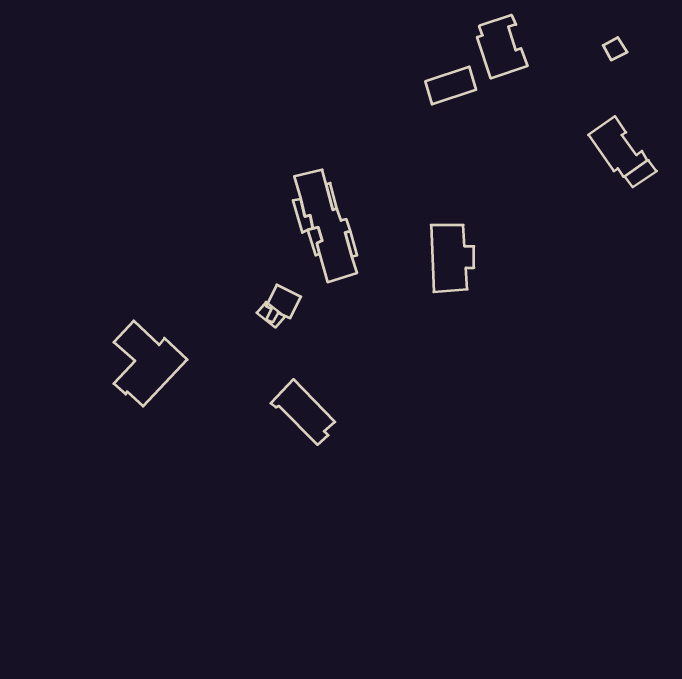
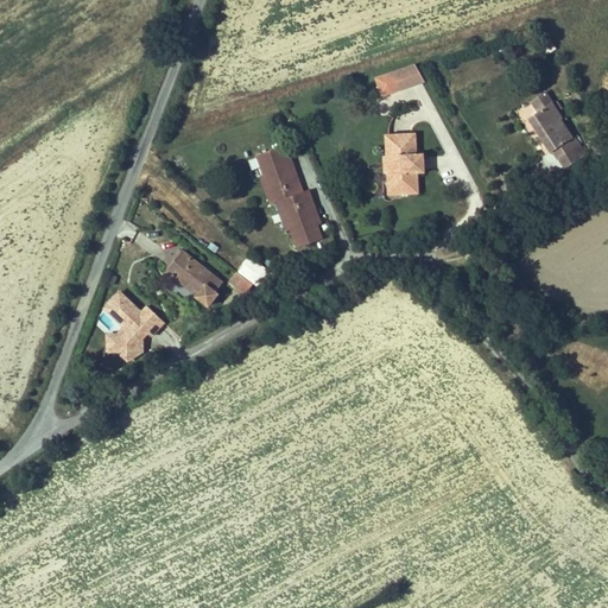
building: [477,15,527,78] -> none
building: [431,225,474,292] -> [393,133,431,192]
building: [271,379,335,445] -> [165,256,222,315]

